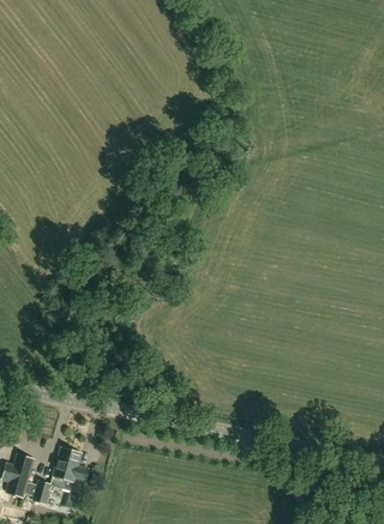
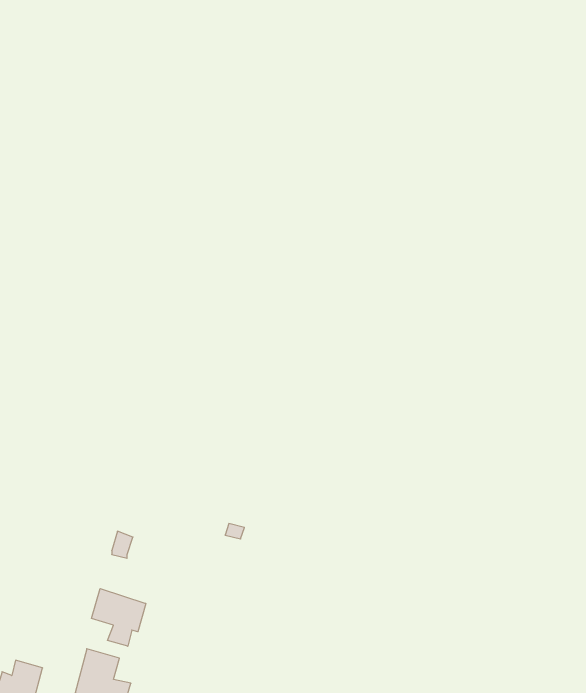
building: none -> [91,589,146,646]

